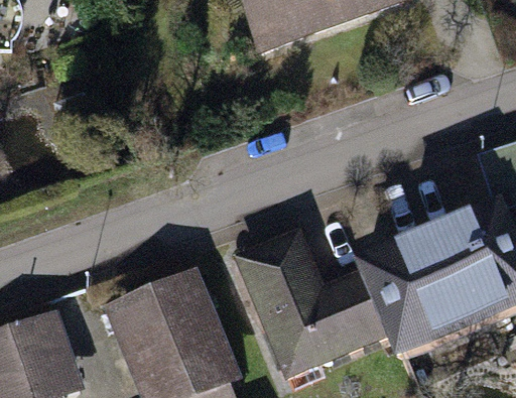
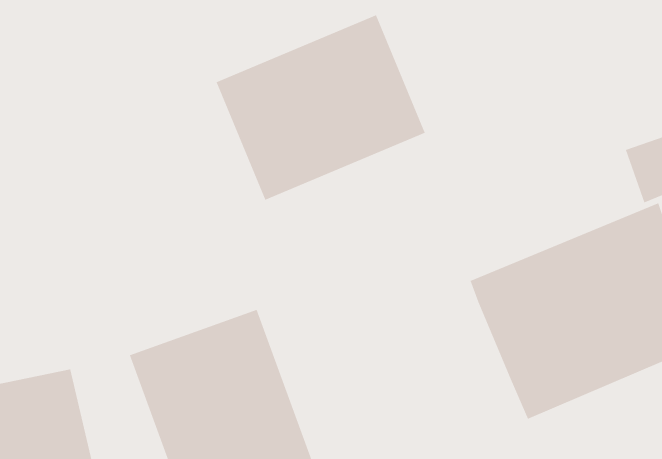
building: none -> [215,14,426,201]
building: [226,225,391,373] -> none

